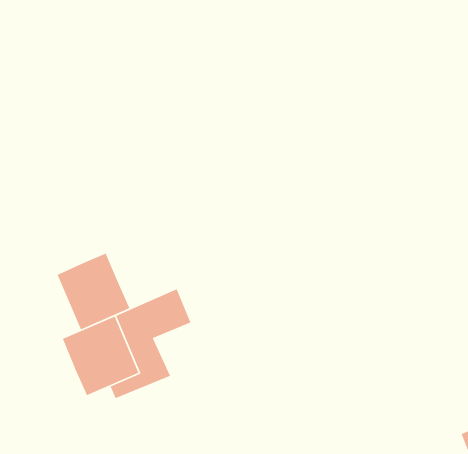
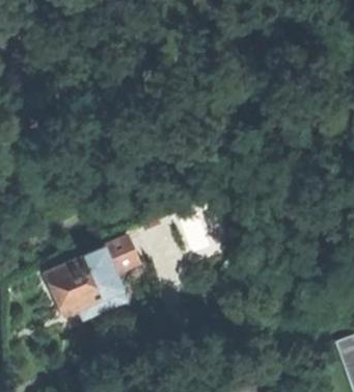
building: [56,253,130,331] -> none

